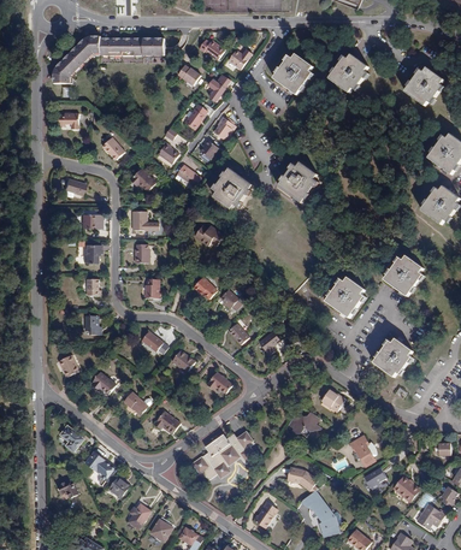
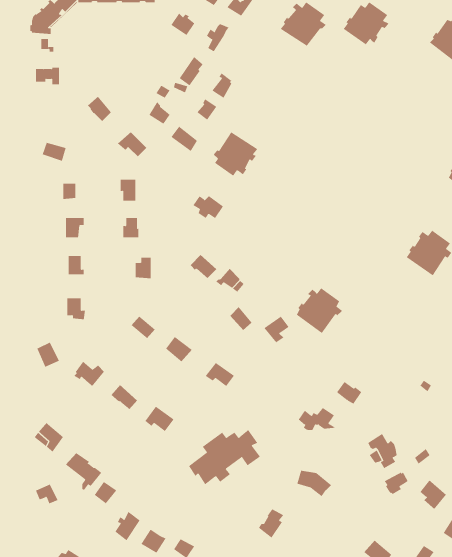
building: [279,161,320,201] -> none
building: [326,277,367,318] -> [296,287,343,334]
building: [373,338,414,377] -> none
building: [302,490,342,536] -> none

